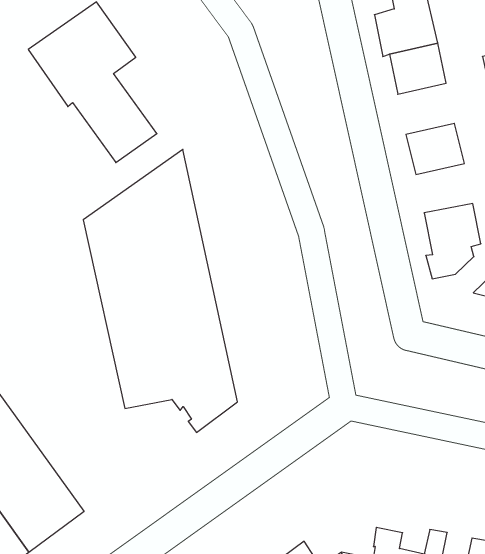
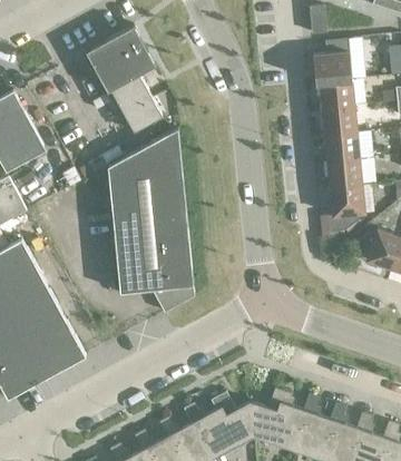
building: none -> [322,107,356,137]
building: none -> [327,160,362,189]

